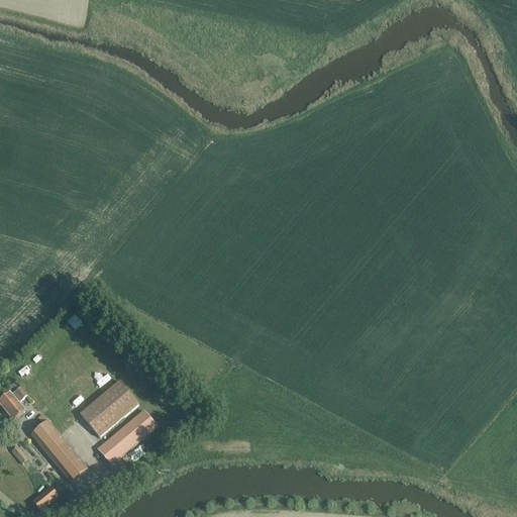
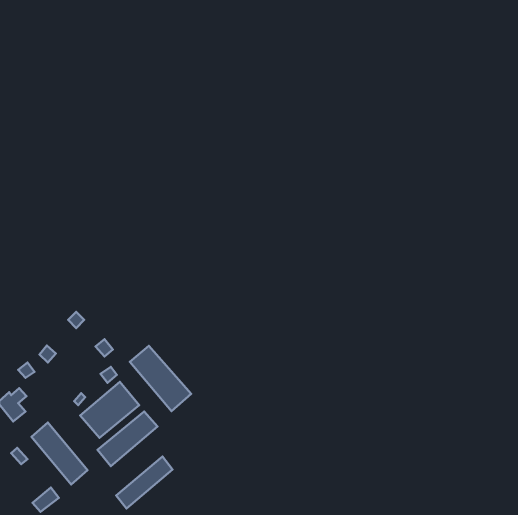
building: none -> [130,346,191,411]
building: none -> [116,457,173,509]

